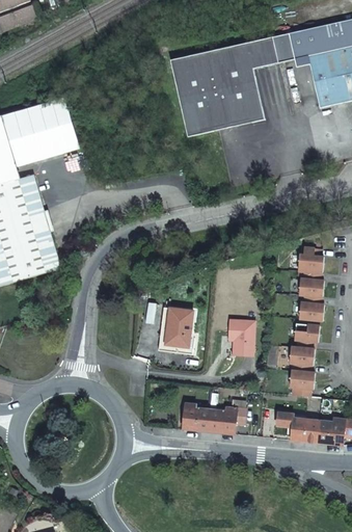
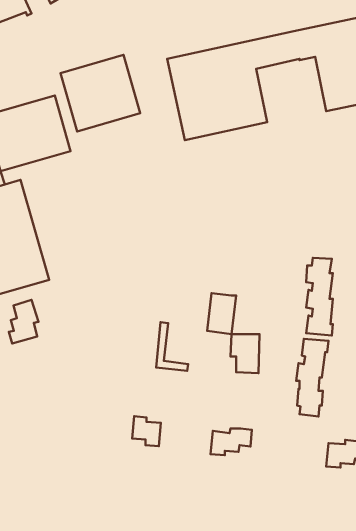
building: none -> [61,55,140,131]
building: none -> [9,300,39,344]
building: [166,308,193,346] -> [207,293,236,334]
building: [185,402,212,430] -> [132,416,161,446]
building: [278,410,320,442] -> none

